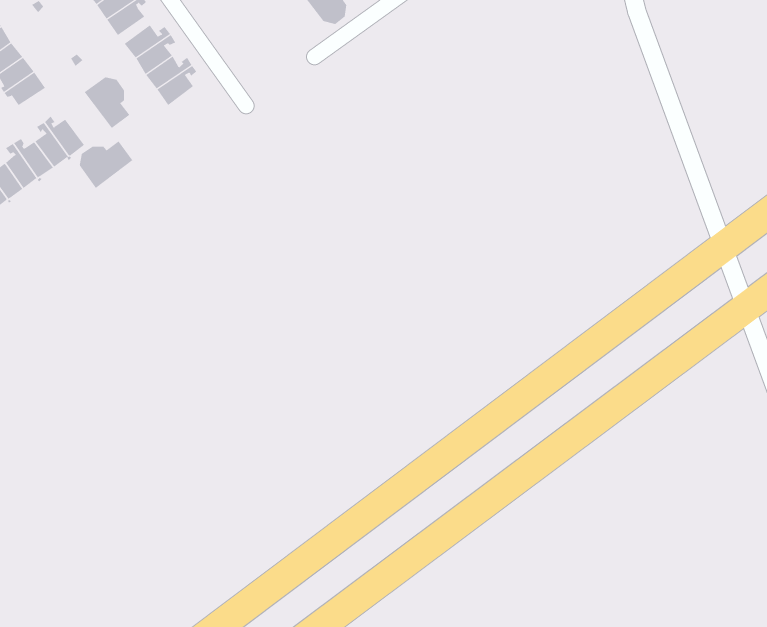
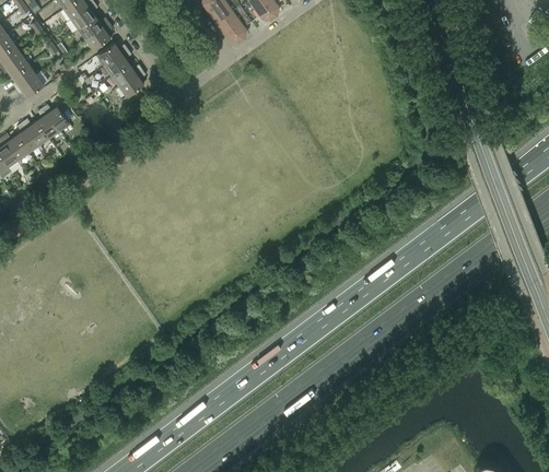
building: [84,77,130,129] -> none
building: [79,141,133,189] -> none

